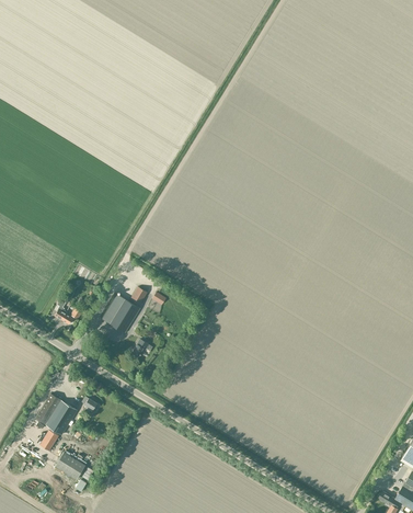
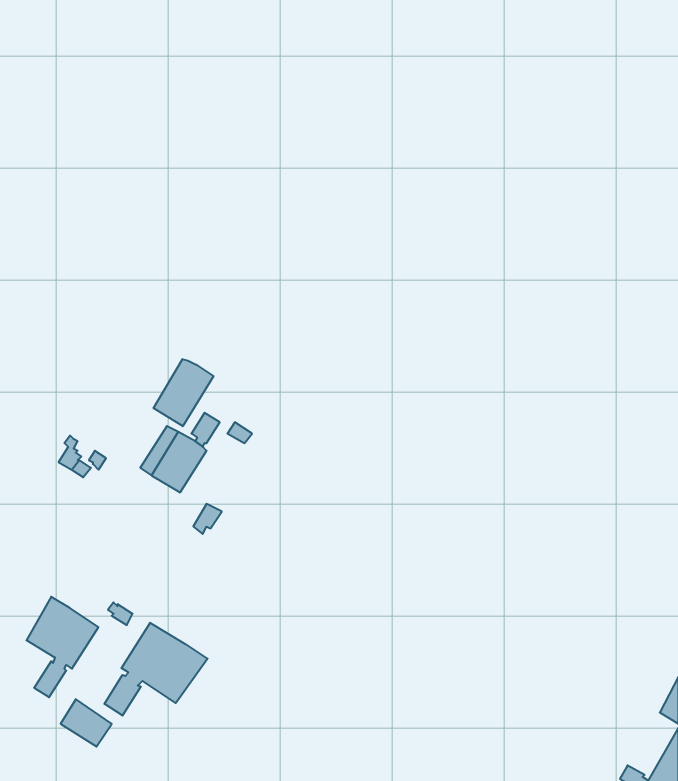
building: none -> [154,359,213,426]
building: none -> [104,623,208,716]

